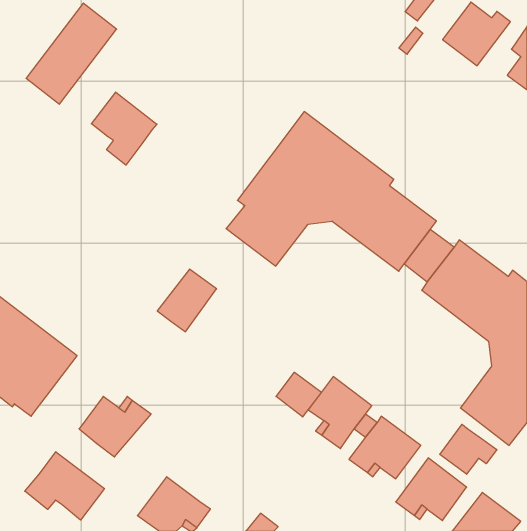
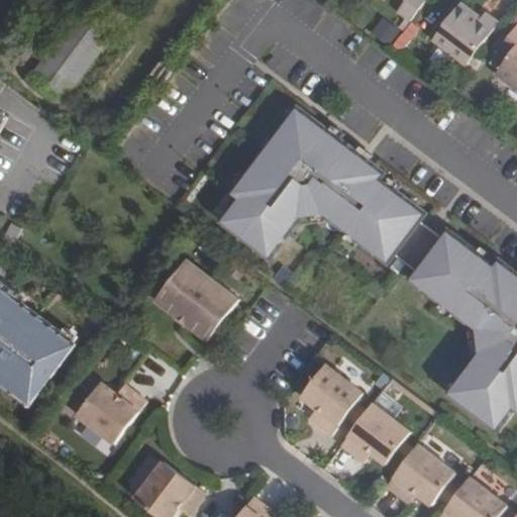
building: [91,92,157,165] -> none
building: none -> [180,280,236,340]
building: [276,372,322,417] -> none
building: [440,424,497,474] -> none
building: [25,452,104,520] -> none

